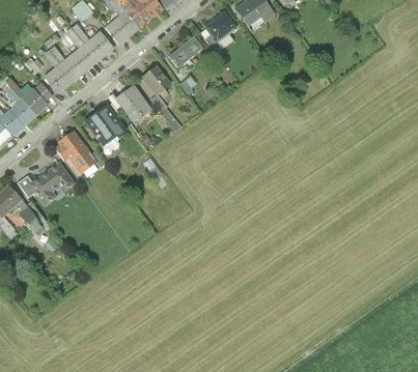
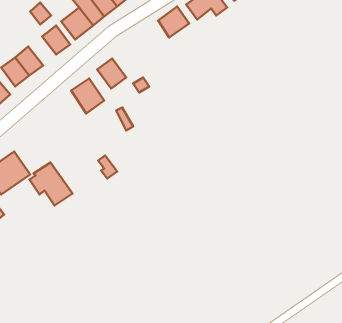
building: [167,33,204,66] -> none
building: [71,41,100,71] -> none
building: [84,103,127,146] -> none
building: [53,130,97,174] -> [30,162,73,205]

